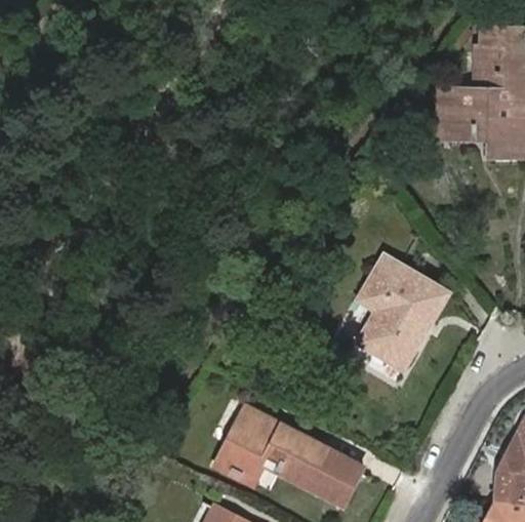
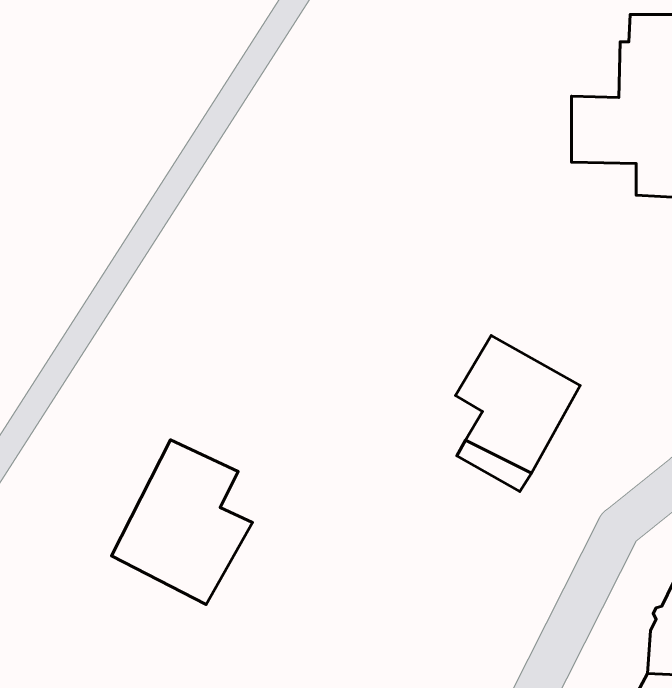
building: none -> [111,440,252,605]
building: [220,409,363,503] -> none

